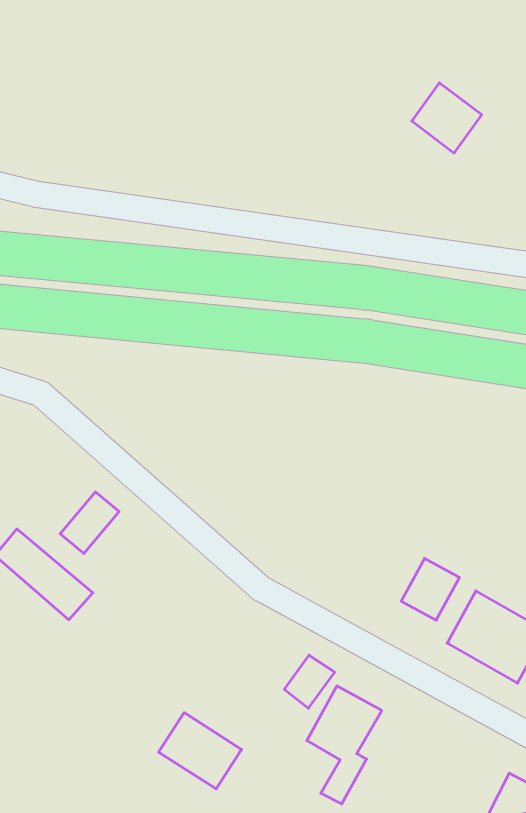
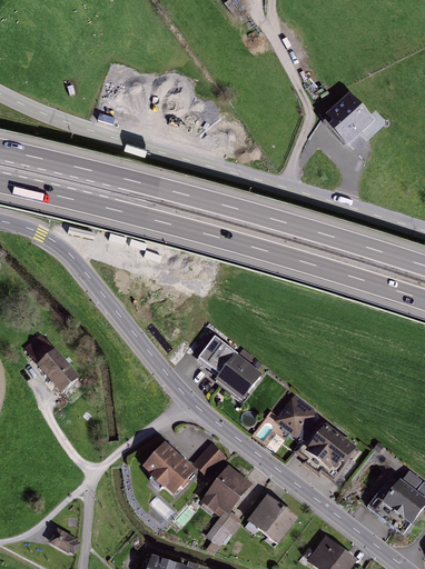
building: none -> [197,336,264,402]
building: [60,492,119,554] -> none
building: [159,713,242,789] -> [144,440,196,491]
building: none -> [249,492,299,541]

